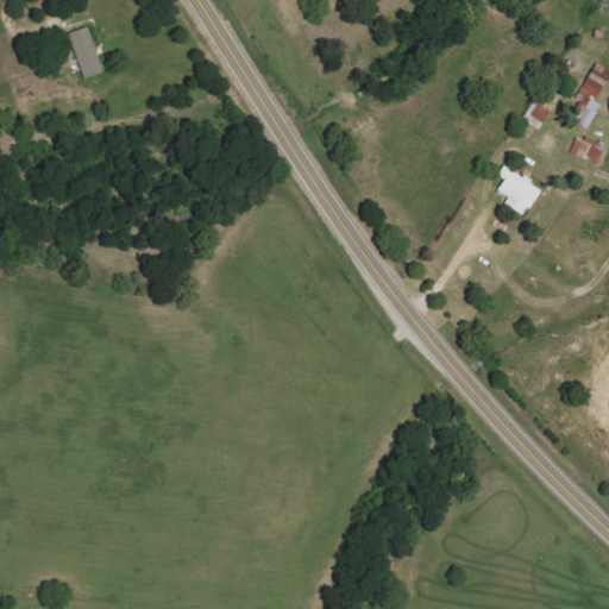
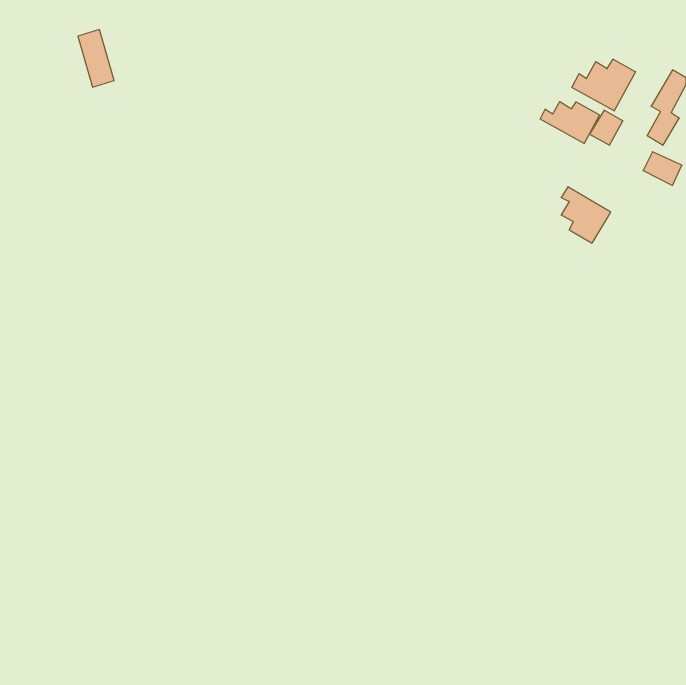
building: none -> [572,59,636,111]
building: none -> [540,102,599,144]

